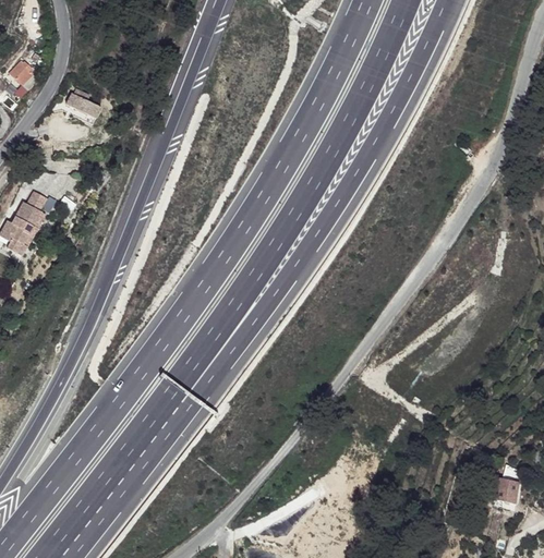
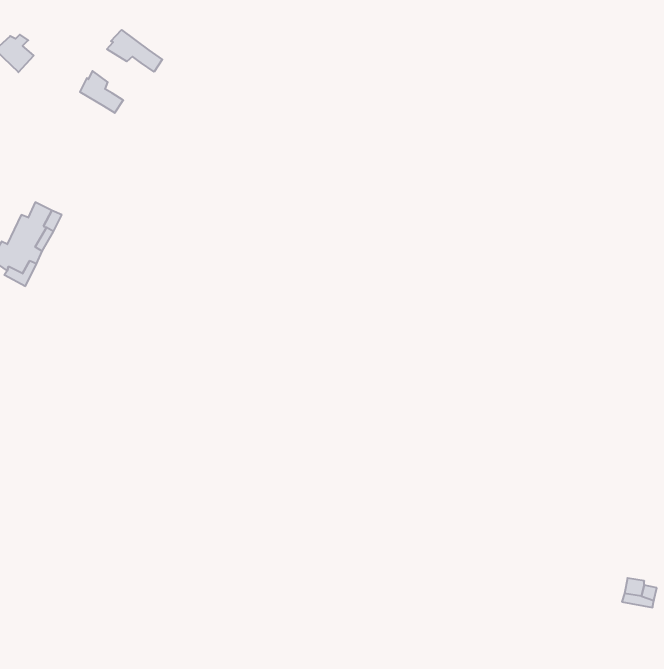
building: none -> [107,30,162,72]

